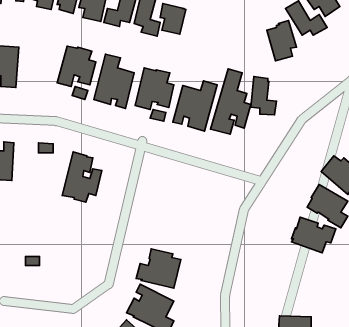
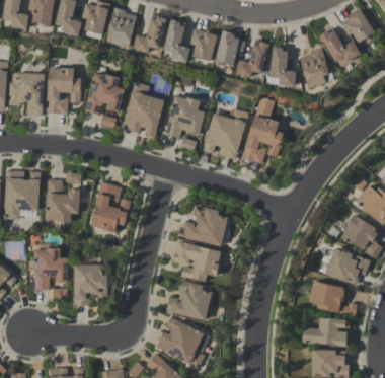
building: none -> [214,30,245,66]
building: none -> [235,41,268,78]
building: none -> [46,67,80,114]
building: [251,76,277,115] -> [270,47,296,86]
building: none -> [45,179,80,223]
building: none -> [180,205,227,246]
building: none -> [172,241,221,282]
building: none -> [33,248,67,290]
building: none -> [73,264,107,305]
building: none -> [308,281,357,316]
building: none -> [301,318,350,347]

